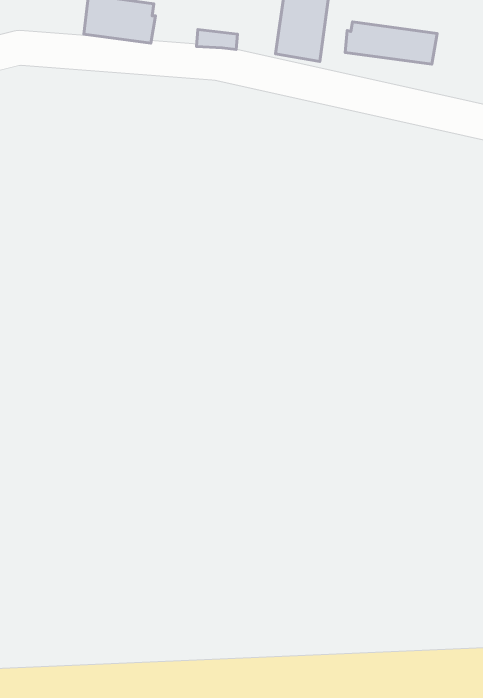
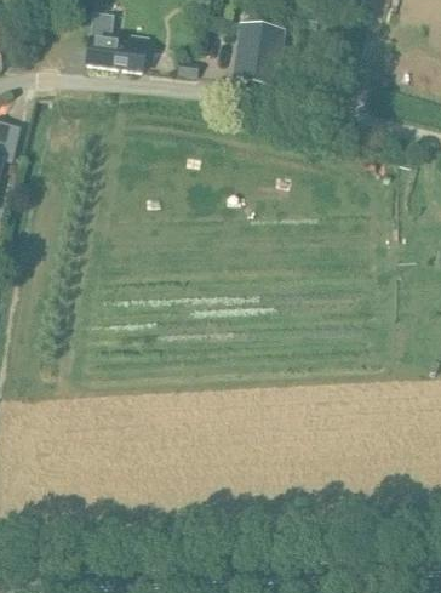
building: [345,22,437,64] -> none

